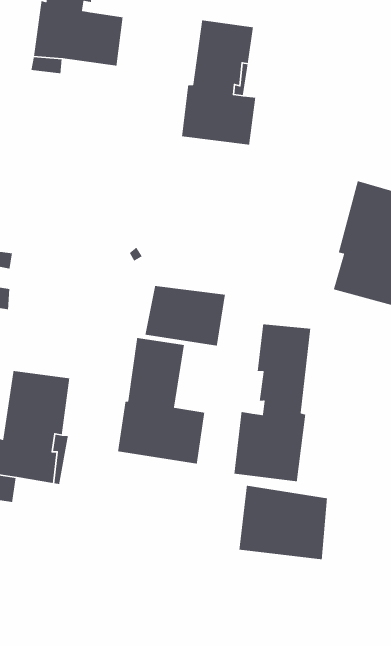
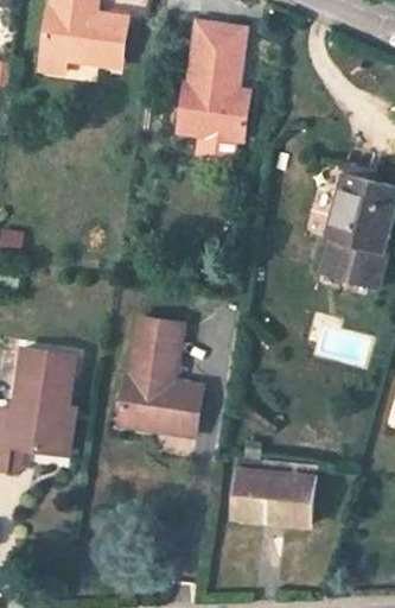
building: [145,285,226,347] -> none
building: [233,323,311,482] -> none

